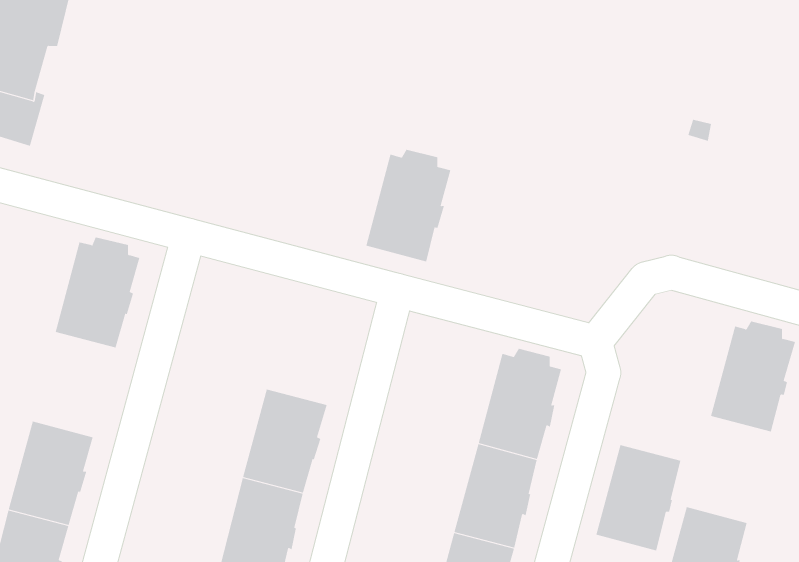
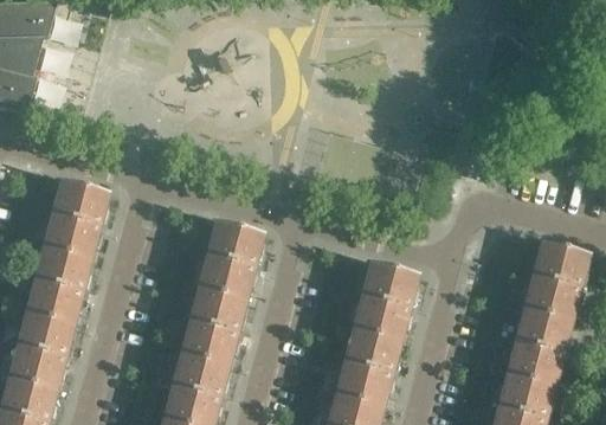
building: [366,149,451,262] -> [199,220,262,303]
building: none -> [27,250,89,327]
building: [595,444,681,551] -> [507,311,569,389]

